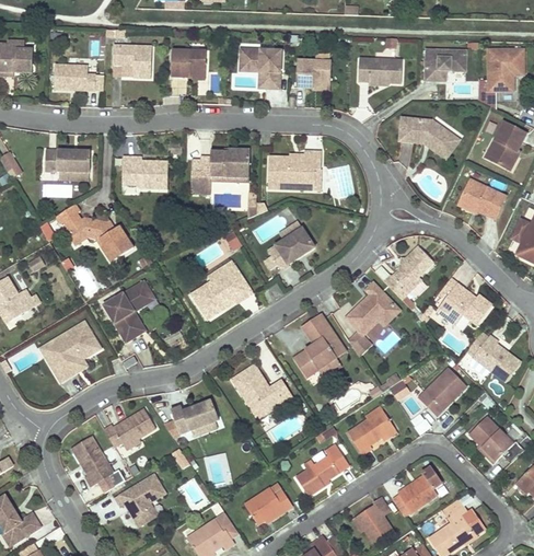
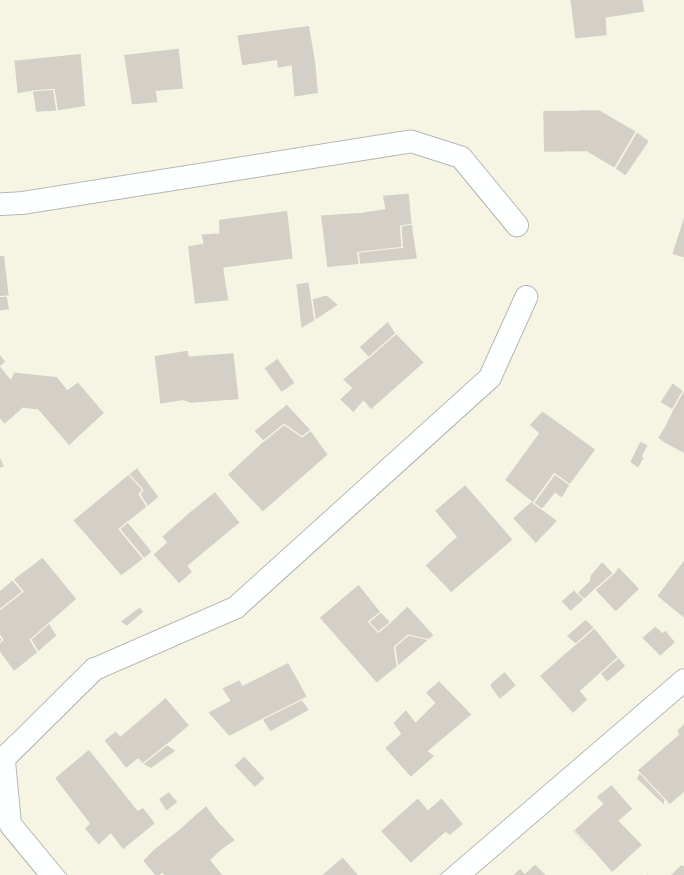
building: [357,58,400,83] -> none
building: [295,59,329,89] -> none
building: [121,157,167,188] -> [154,350,240,404]
building: [382,247,434,301] -> none
building: none -> [153,491,241,584]
building: [299,444,350,496] -> [385,680,472,778]

